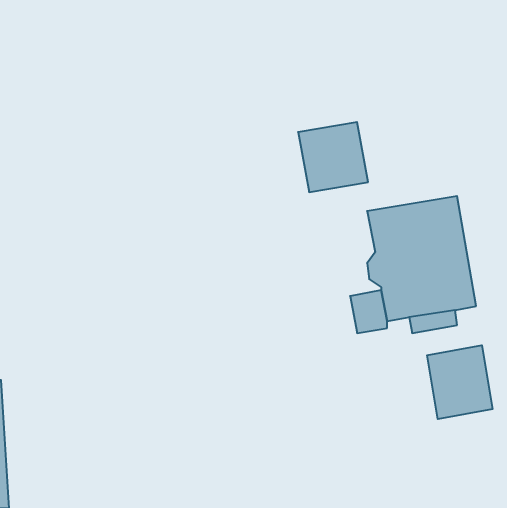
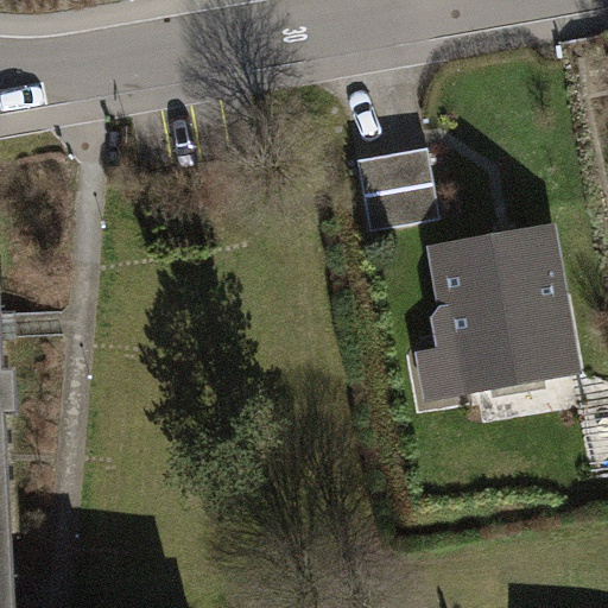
building: [427,345,493,419] -> none

